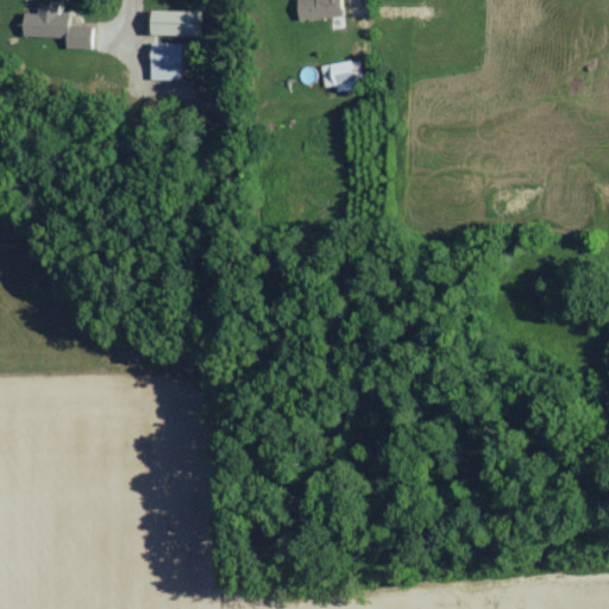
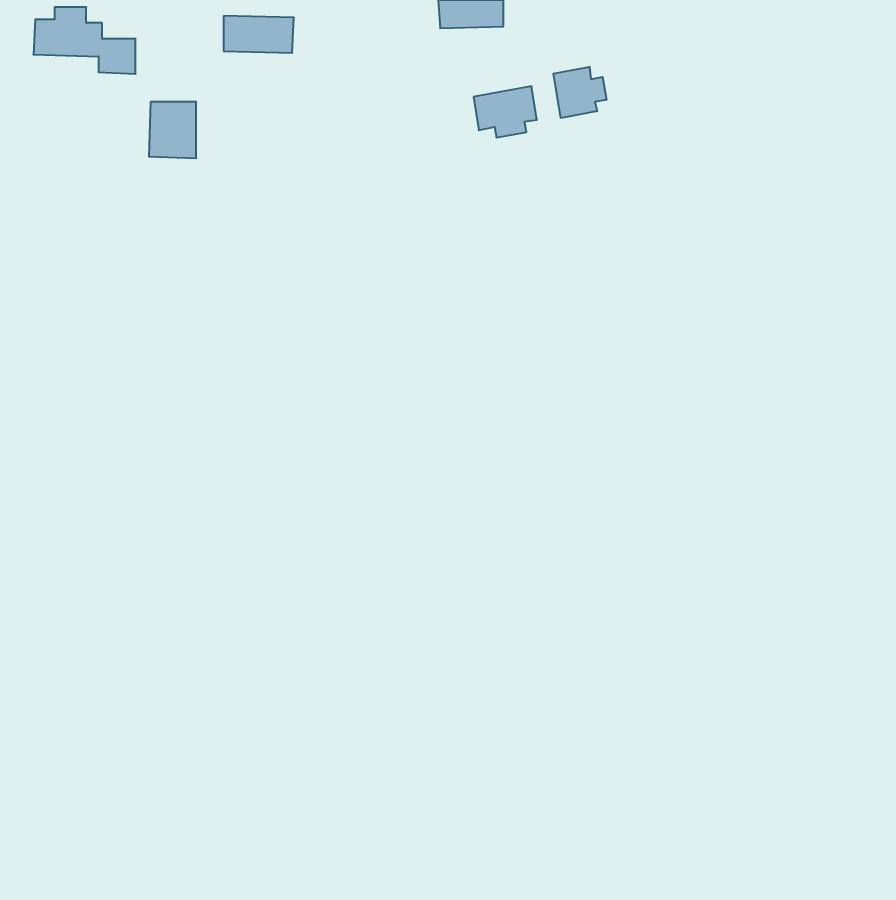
building: [150,43,182,81] -> [149,102,196,158]
building: none -> [553,67,606,118]

